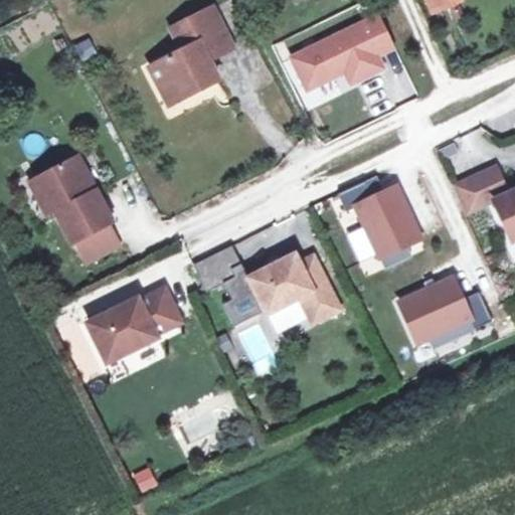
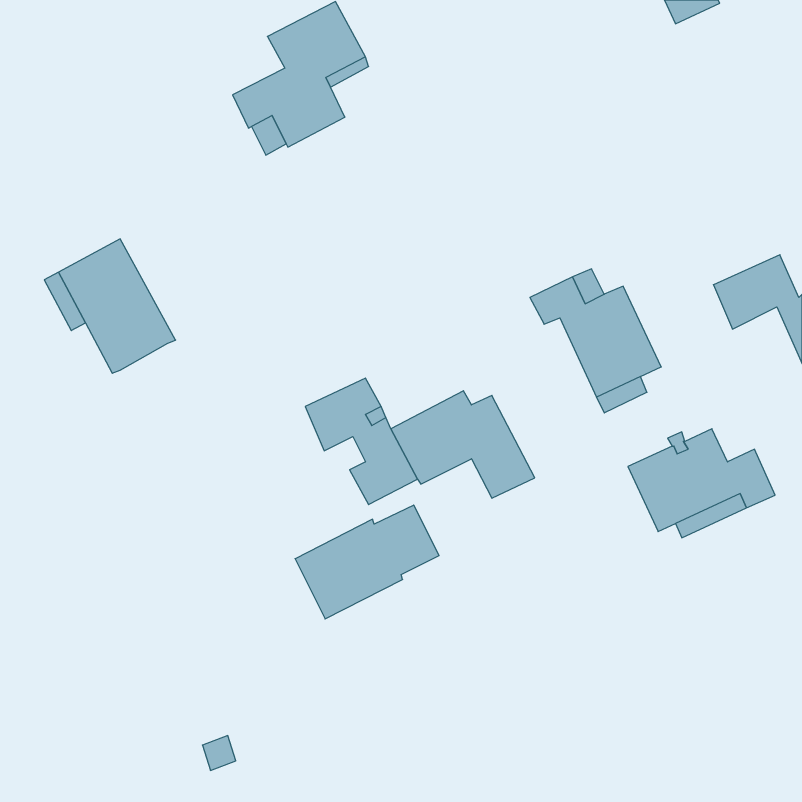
building: [291,13,393,87] -> none
building: [76,222,119,260] -> none
building: [89,288,180,360] -> [295,505,439,619]

